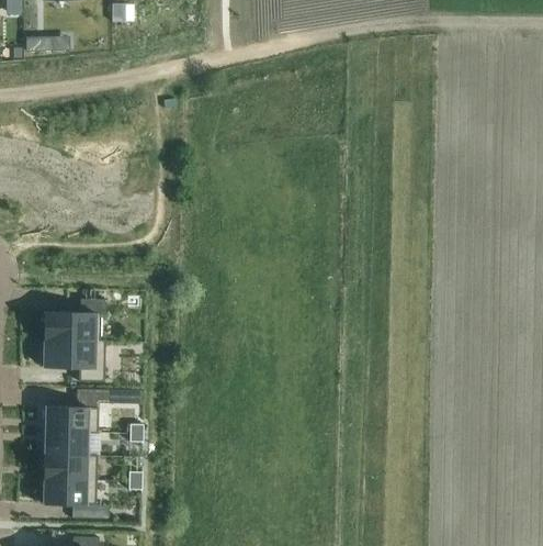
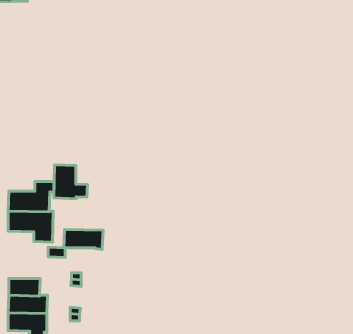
building: none -> [54,165,88,199]
building: [44,405,98,433] -> [64,229,103,249]

